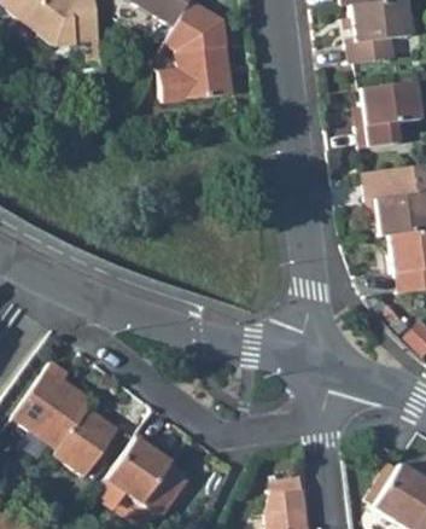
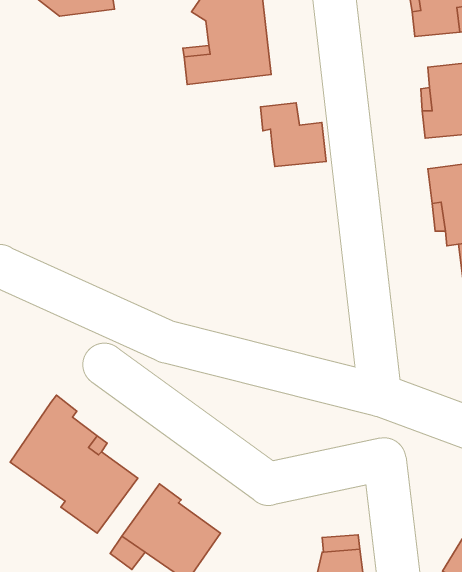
building: none -> [260,103,326,167]

